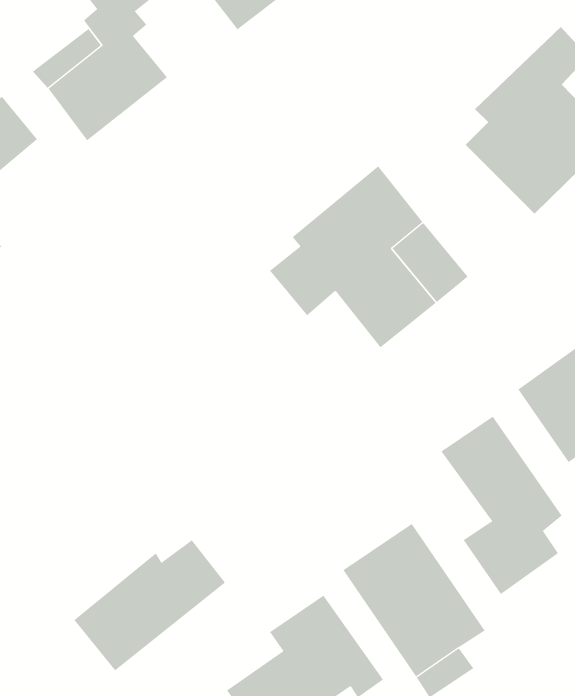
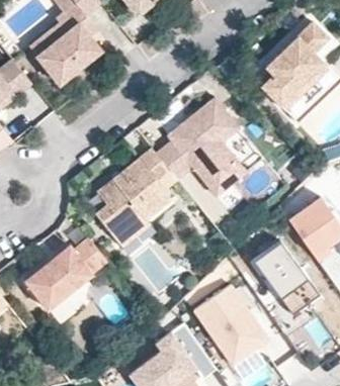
building: none -> [94,148,176,246]
building: [74,539,226,671] -> [24,237,106,308]

